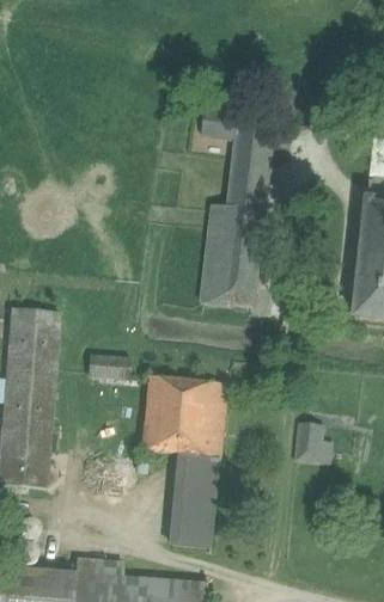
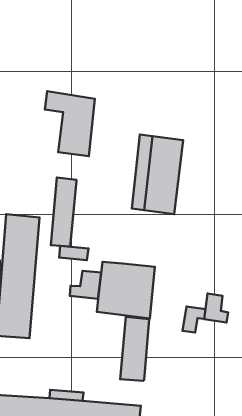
building: [202,109,274,202] -> [45,91,95,156]
building: none -> [51,178,77,247]
building: none -> [70,271,101,299]
building: none -> [182,306,205,332]

